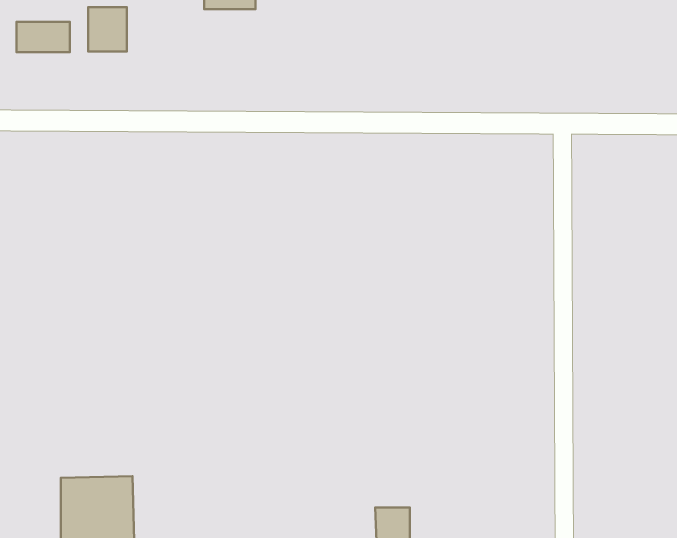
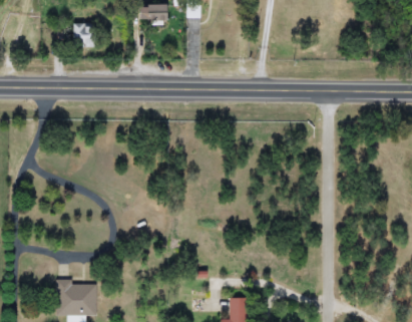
building: [16,22,70,52] -> none

